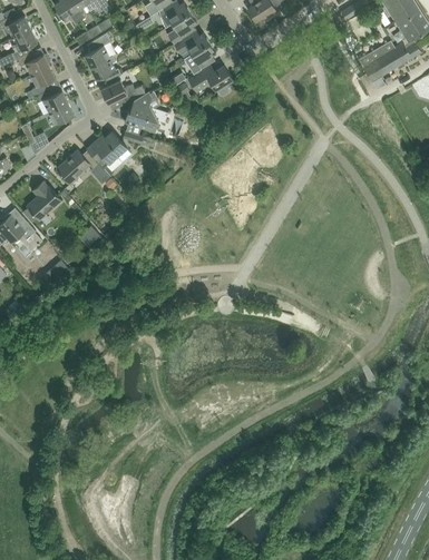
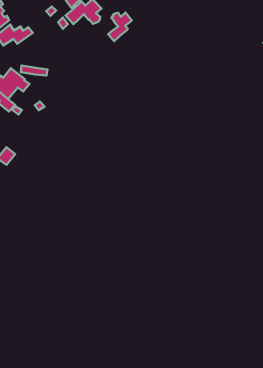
building: none -> [108,12,132,41]
building: [124,91,167,131] -> none

